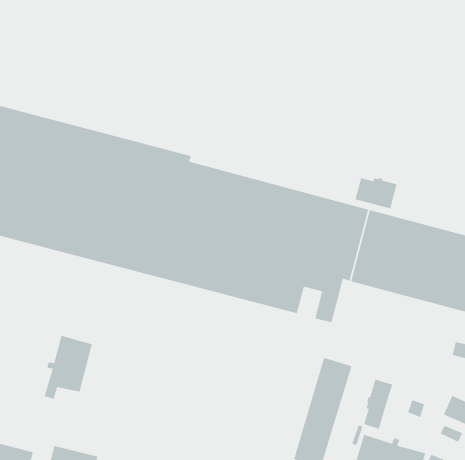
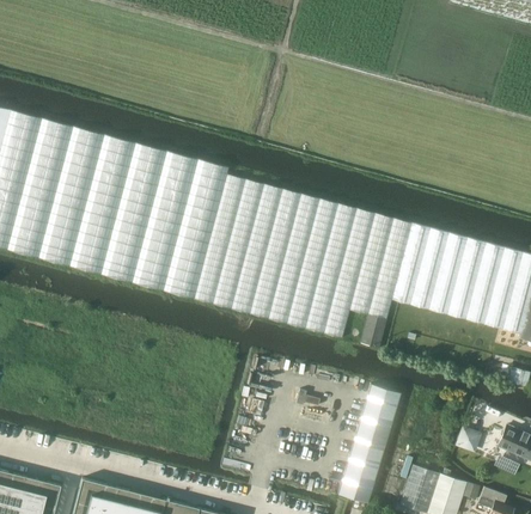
building: [354,177,398,210] -> none
building: [44,335,93,400] -> none
building: [363,378,393,430] -> none

